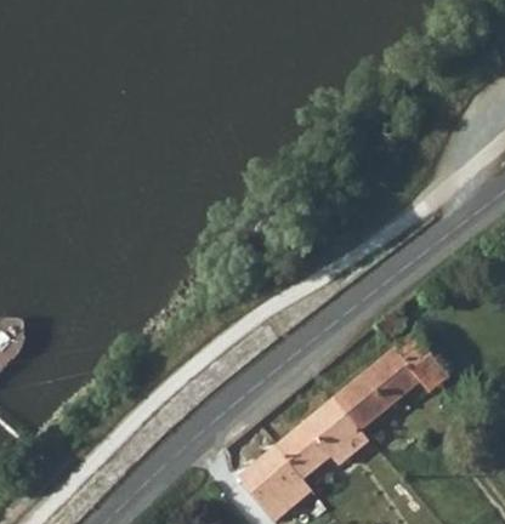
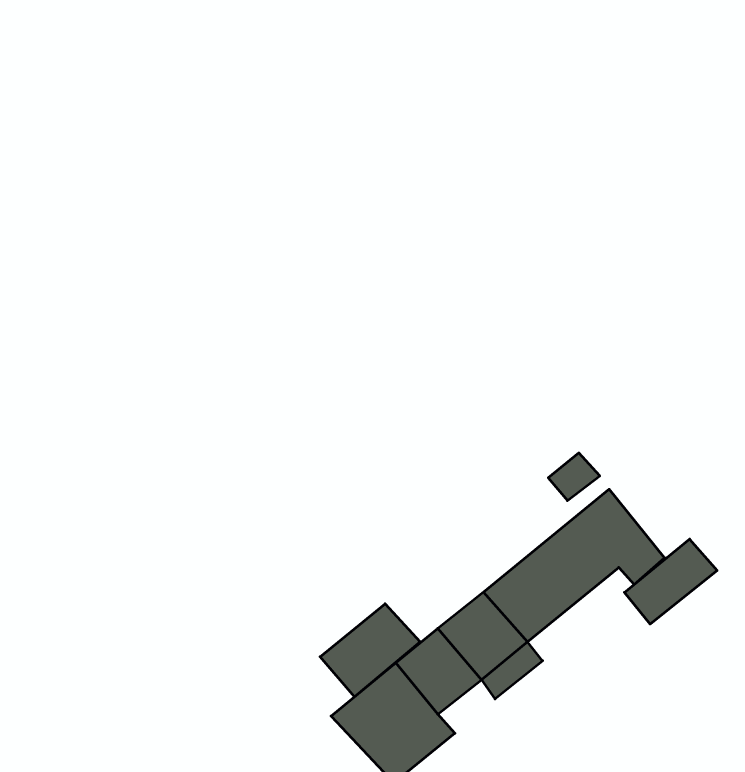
building: none -> [624,539,717,624]
building: none -> [320,604,420,697]

